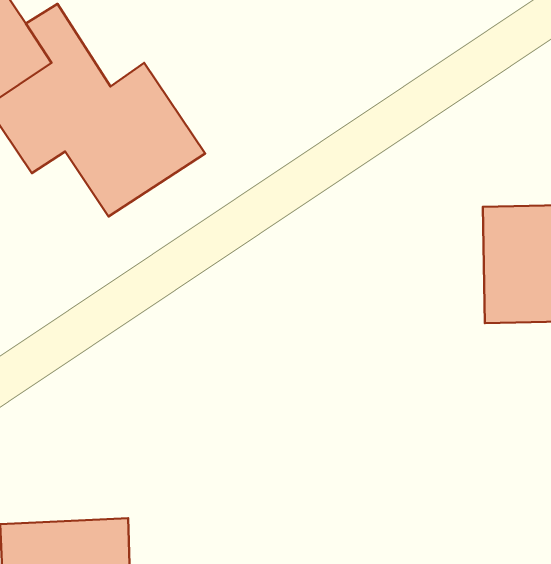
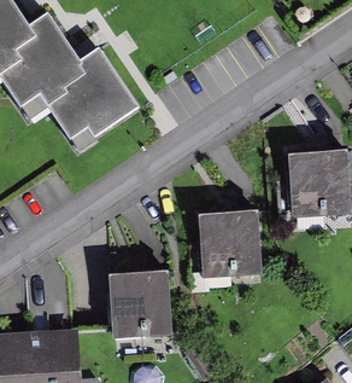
building: none -> [206,199,256,278]
building: none -> [112,268,171,332]

